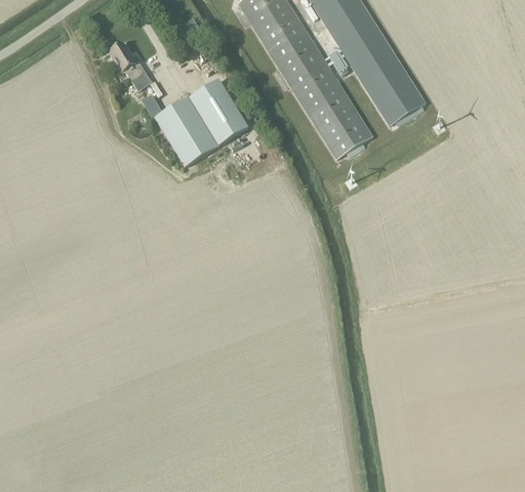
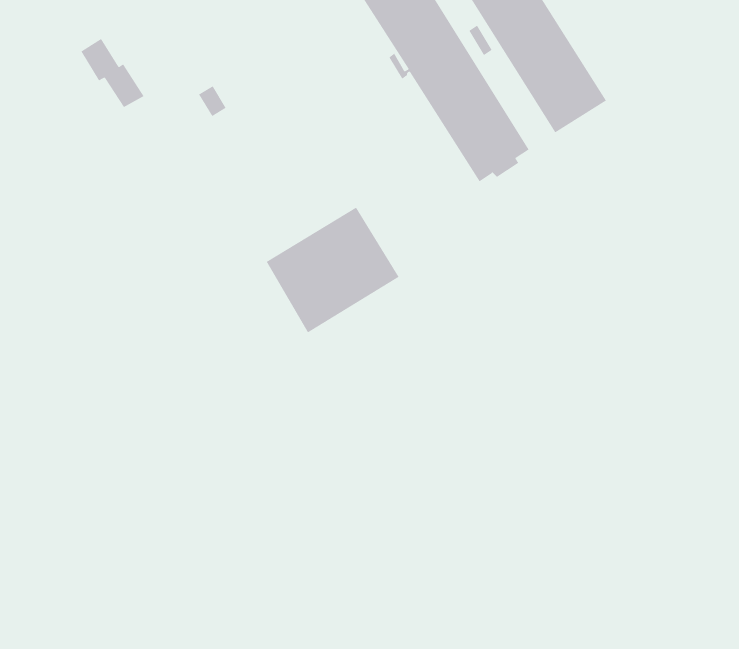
building: [108,41,152,89] -> [81,38,144,108]
building: [155,79,247,166] -> [266,207,400,333]

